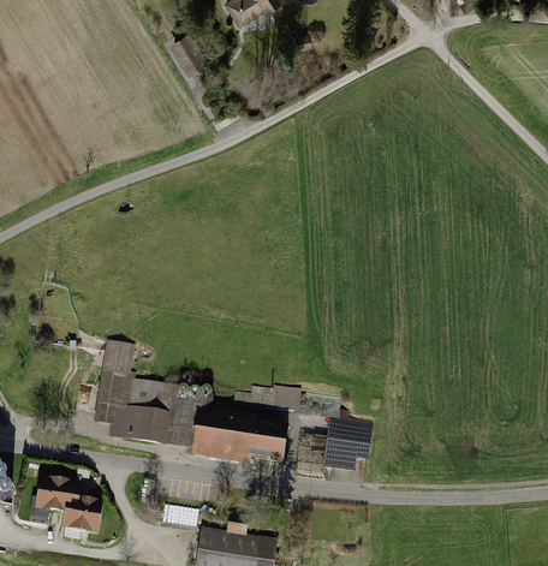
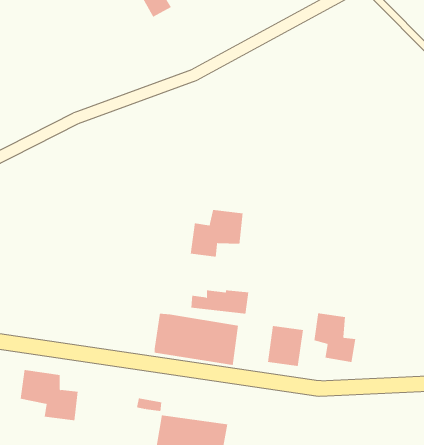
building: none -> [190,209,243,257]
building: [91,338,214,451] -> none
building: none -> [314,313,356,363]

